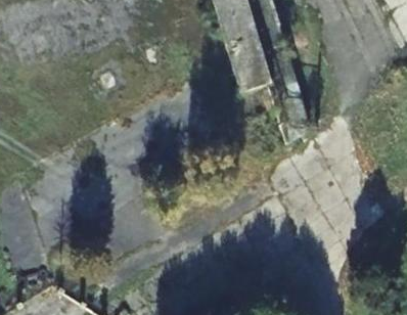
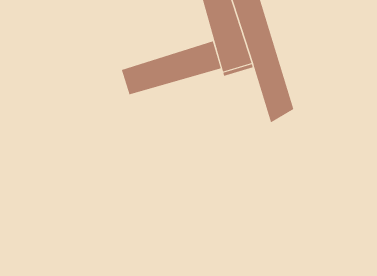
building: none -> [121,41,222,95]

